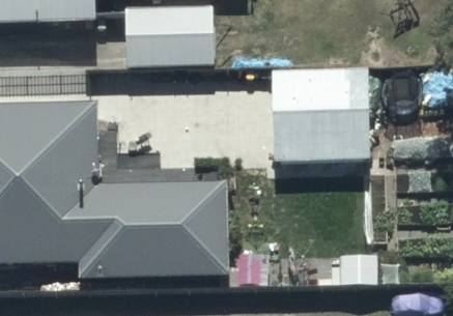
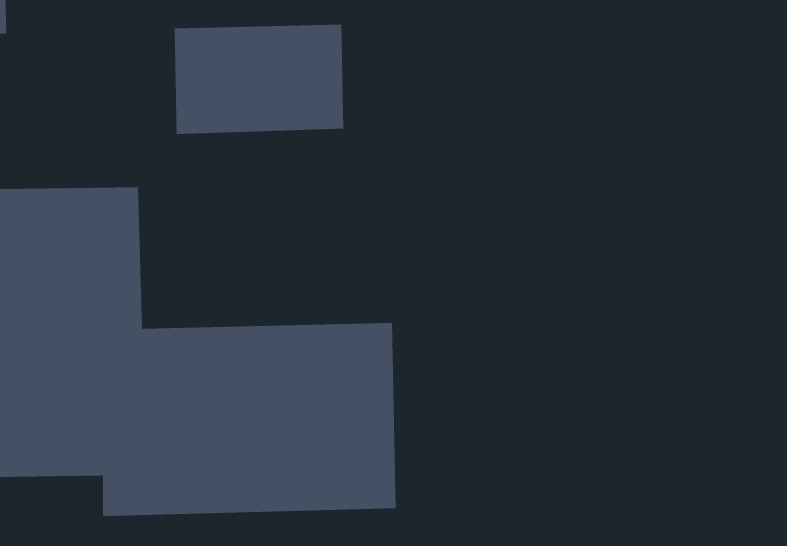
building: [264,79,365,168] -> none

